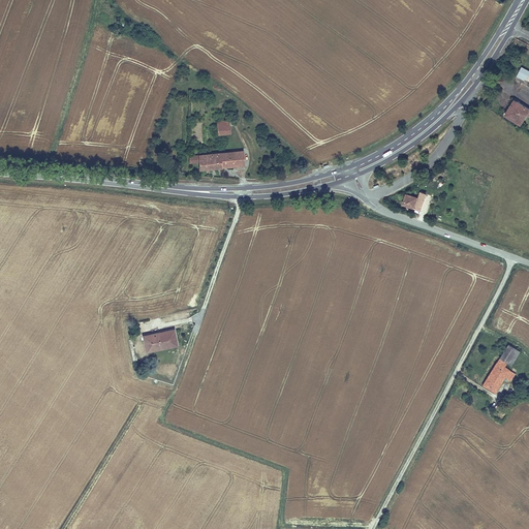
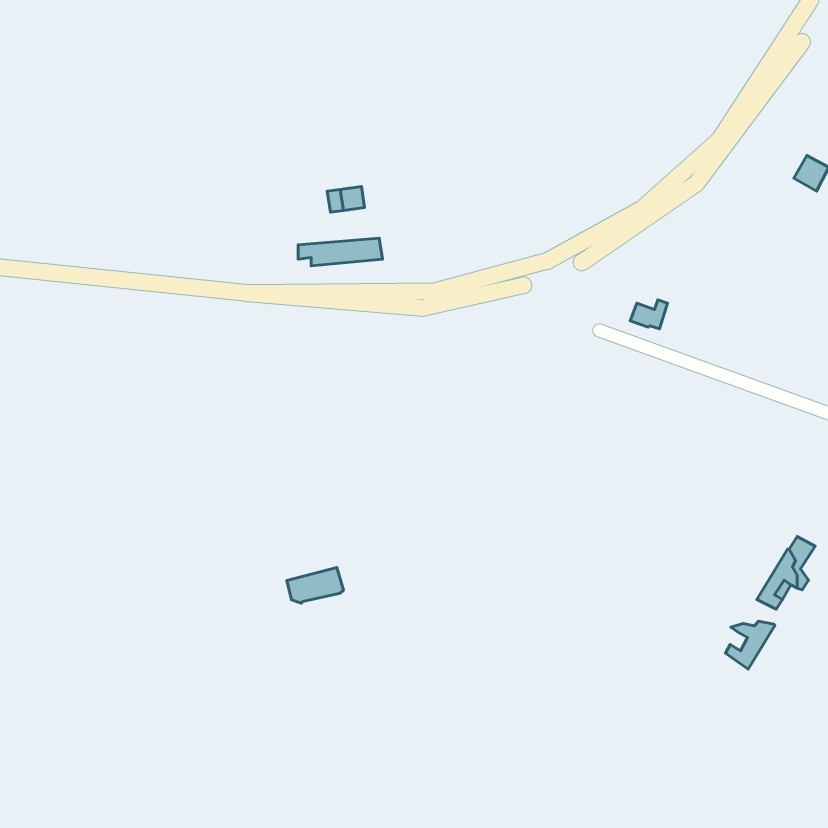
building: [143,330,179,352] -> [287,567,343,603]
building: none -> [725,621,775,669]

